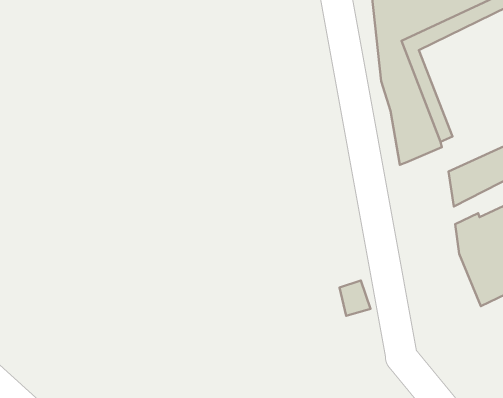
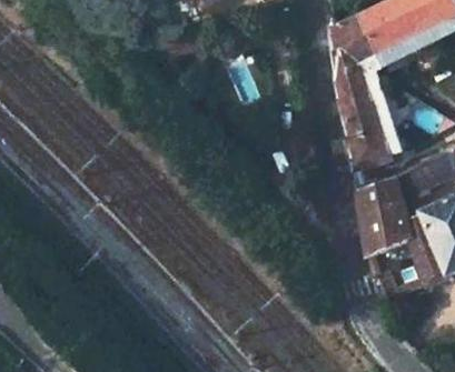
building: none -> [359,172,403,253]

